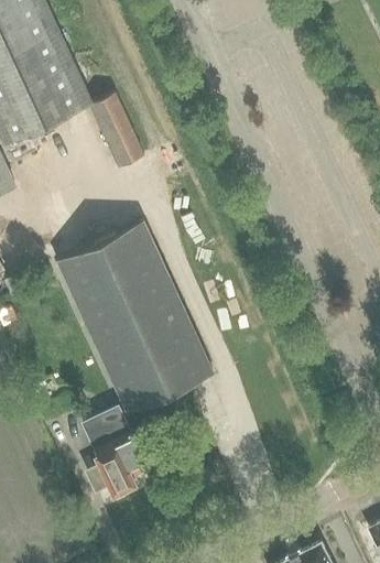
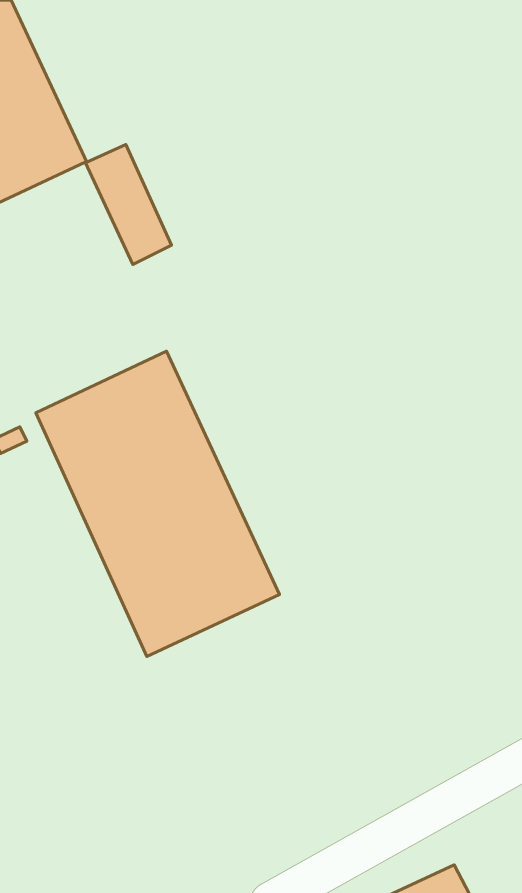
building: [83,407,158,494] -> none

